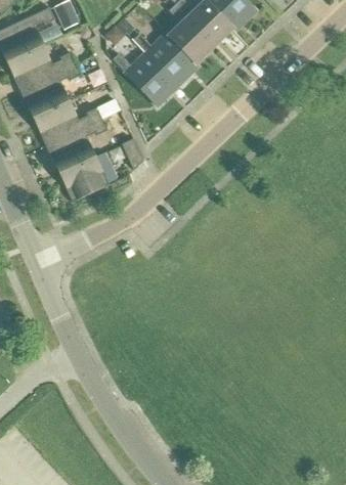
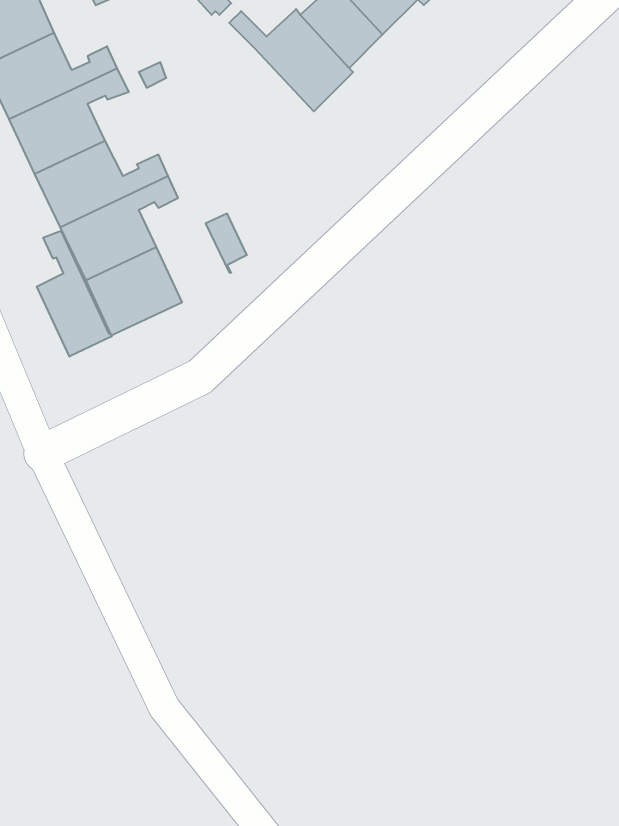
building: [114,51,178,104] -> none
building: none -> [37,231,112,357]

